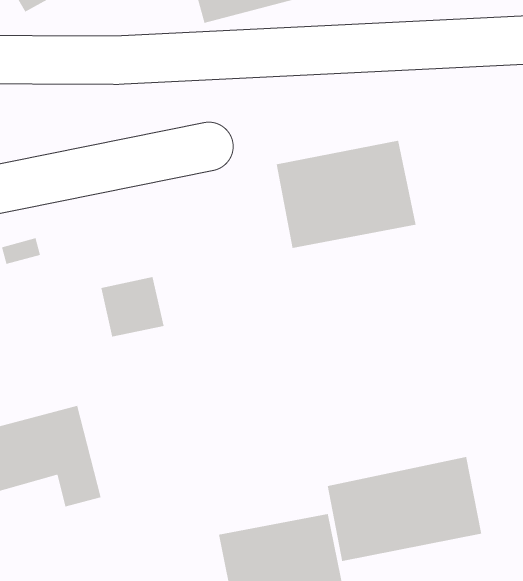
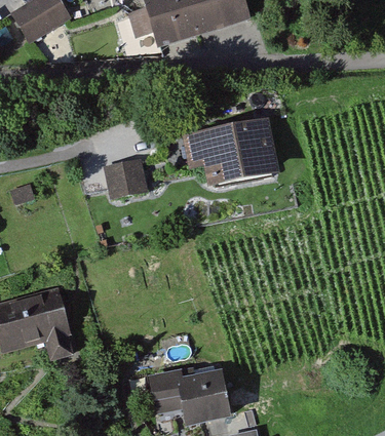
building: [100,277,164,337] -> [105,162,146,201]
building: [327,456,482,562] -> none

